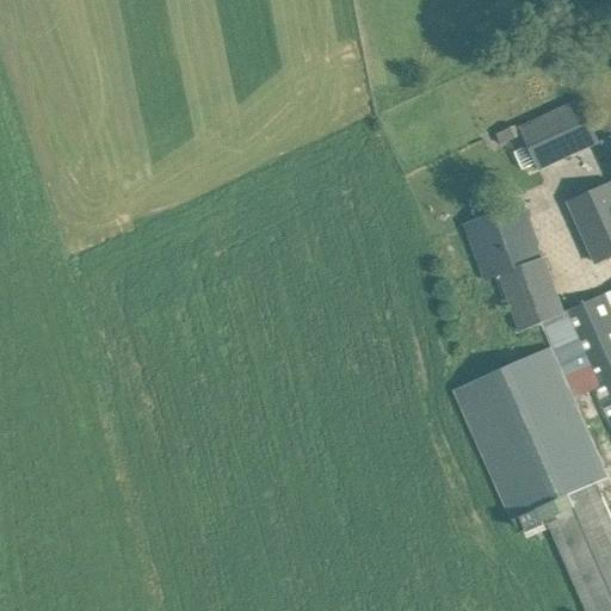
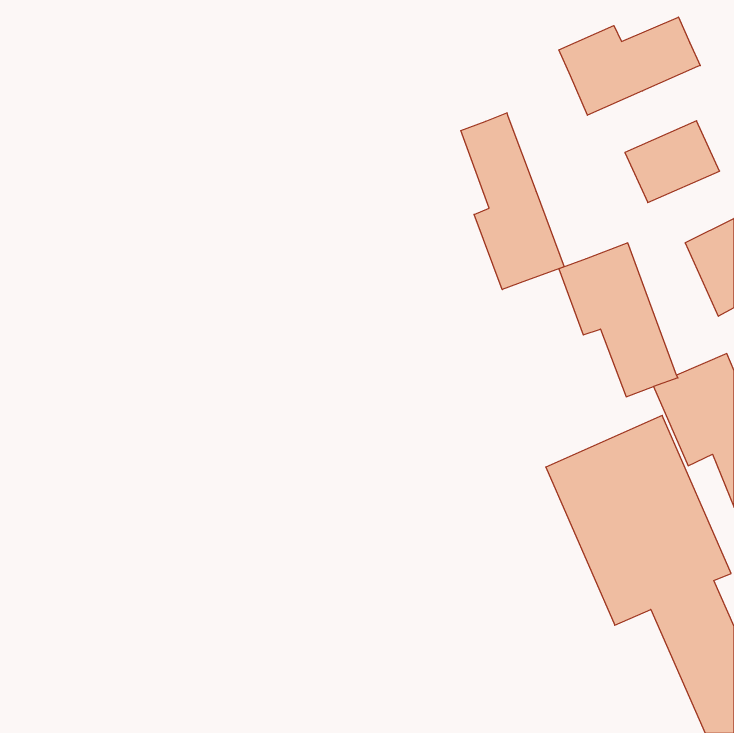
building: none -> [559,17,700,115]
building: none -> [461,113,564,290]

